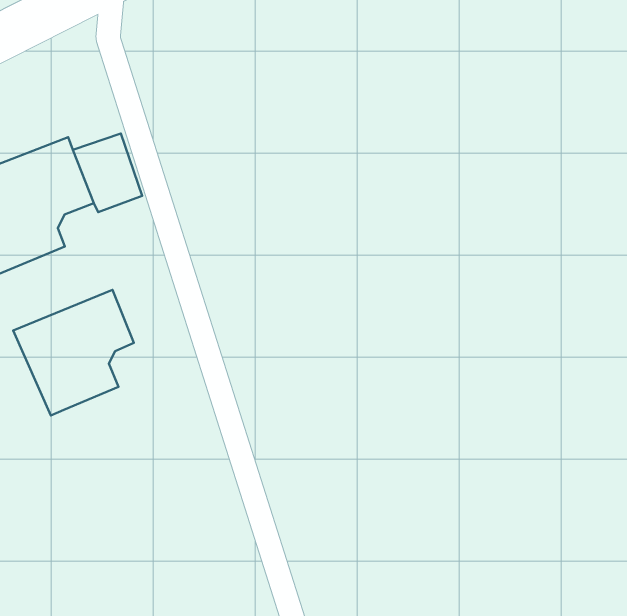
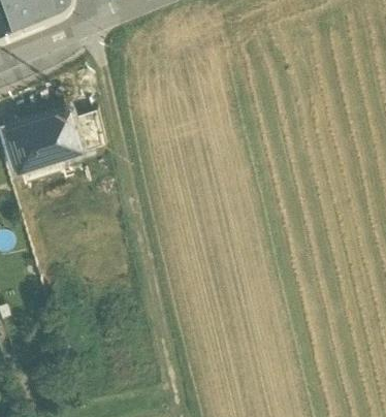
building: [13,290,134,416] -> none

